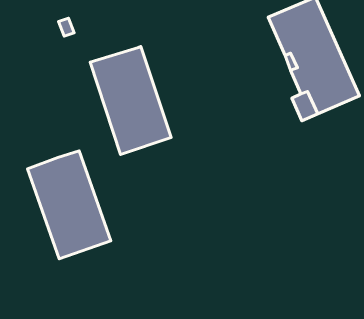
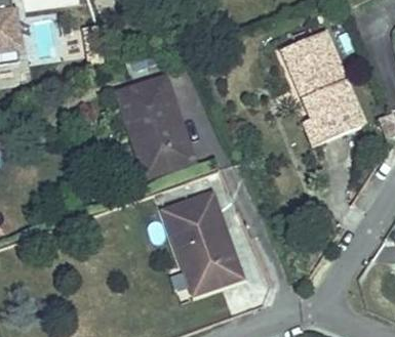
building: [27,151,111,259] -> [165,195,241,293]

